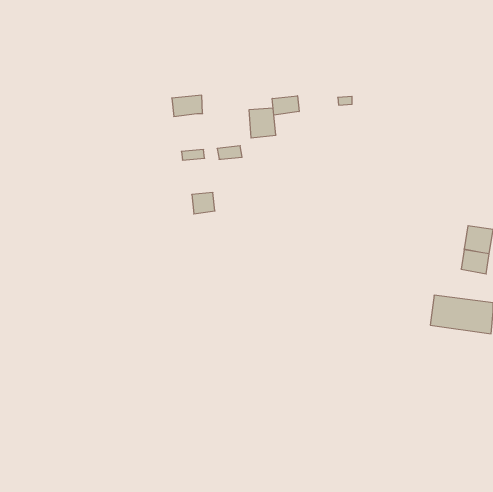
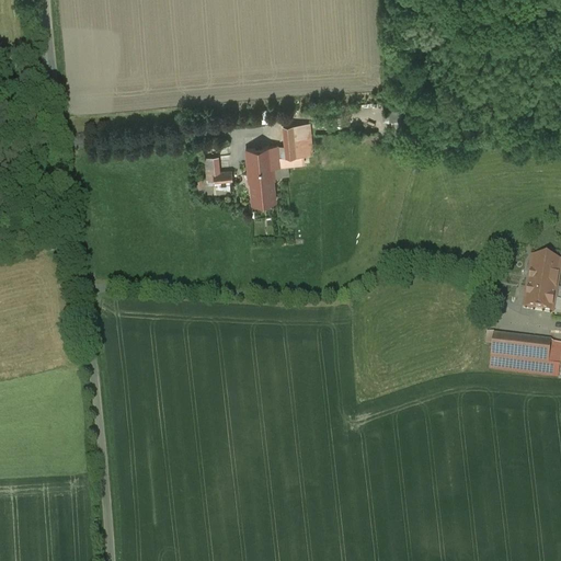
building: [172,95,203,116] -> [244,145,279,169]
building: [272,96,299,115] -> none
building: [192,193,215,214] -> [251,179,277,203]

